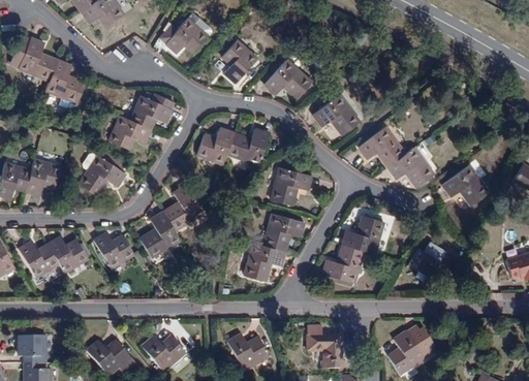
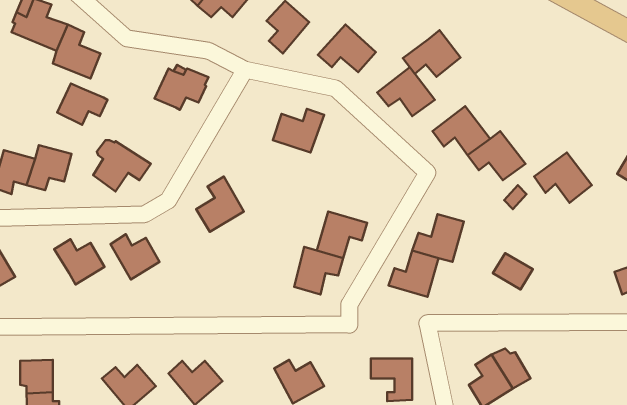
building: none -> [403,30,461,77]
building: [108,116,150,150] -> [57,84,107,125]
building: [196,127,234,164] -> none
building: [270,166,311,205] -> none
building: [139,211,180,257] -> none
building: [19,241,59,277] -> none

